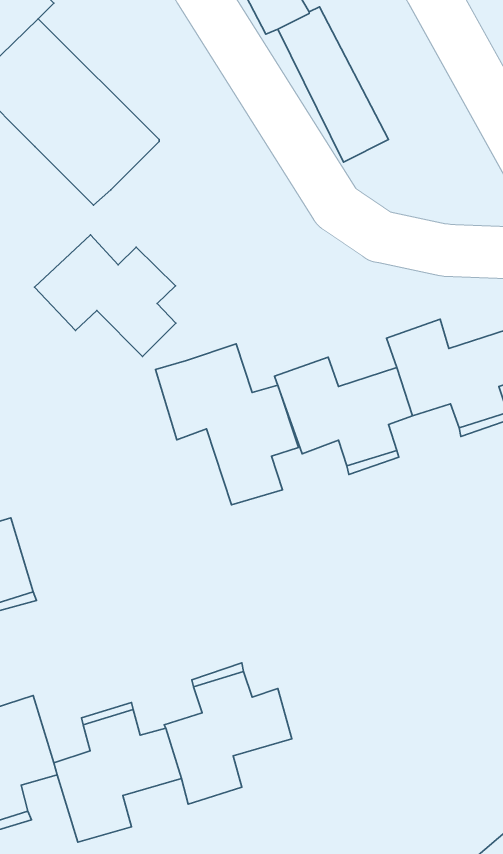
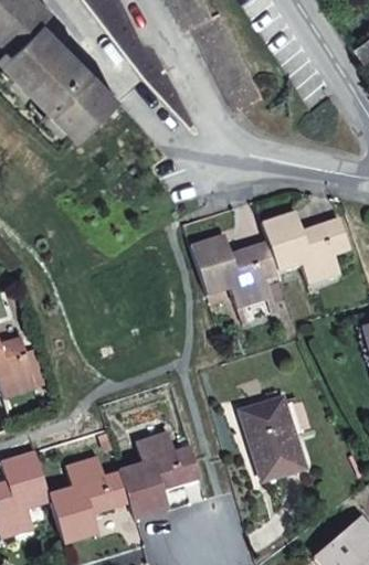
building: [35,235,176,356] -> none
building: [156,344,298,505] -> none
building: none -> [239,397,305,481]

